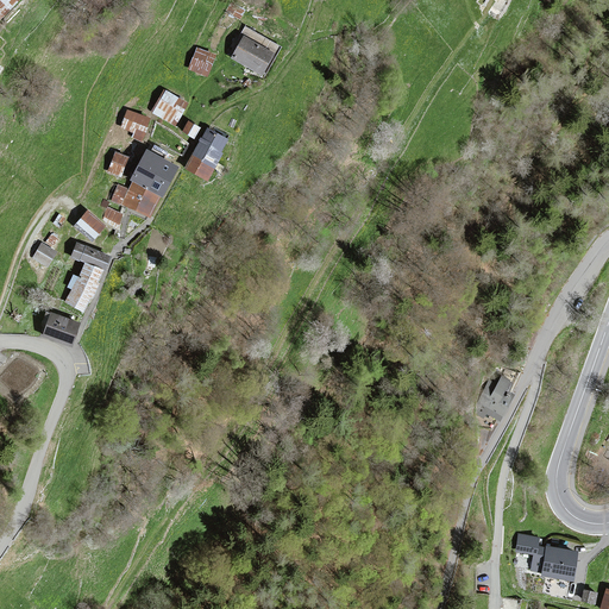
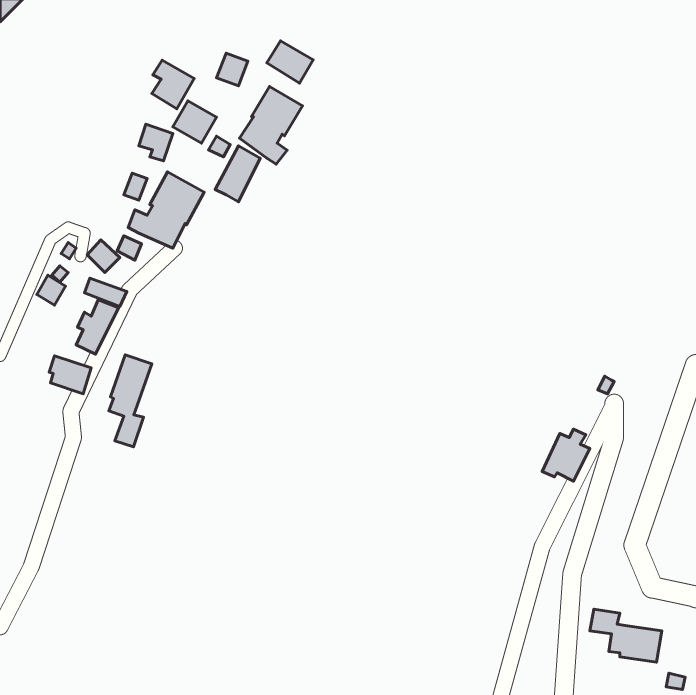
building: none -> [152,60,194,109]
building: none -> [239,87,303,164]
building: none -> [109,355,152,447]

